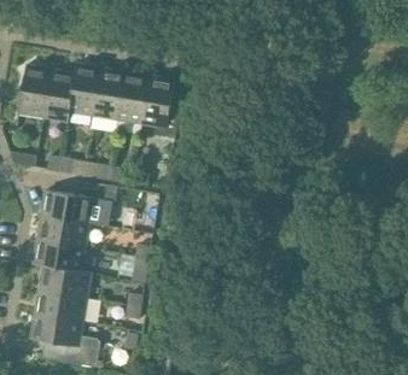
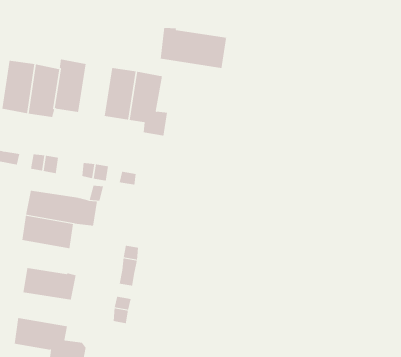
building: none -> [160,27,227,69]
building: [94,71,126,122] -> none
building: [35,241,86,274] -> none
building: [35,292,87,324] -> none

